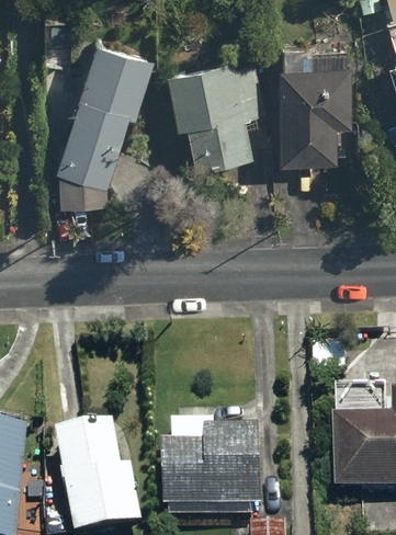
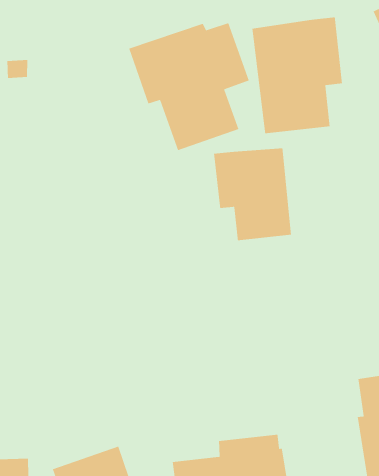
building: [52,37,155,204] -> none
building: none -> [213,147,292,241]

